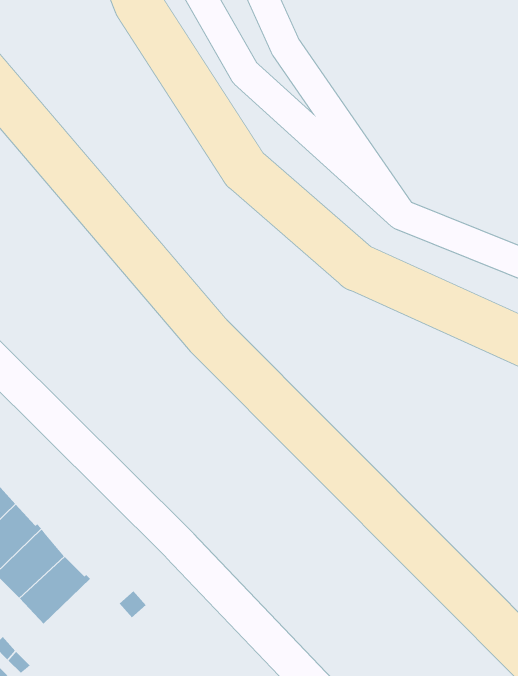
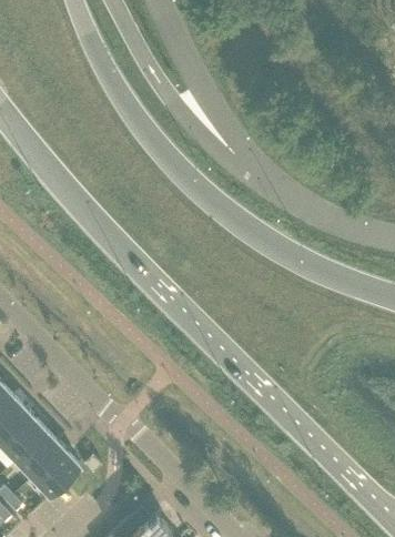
building: none -> [31,448,80,497]

